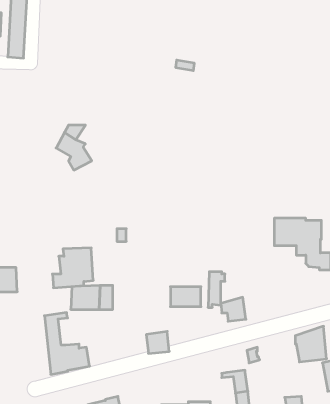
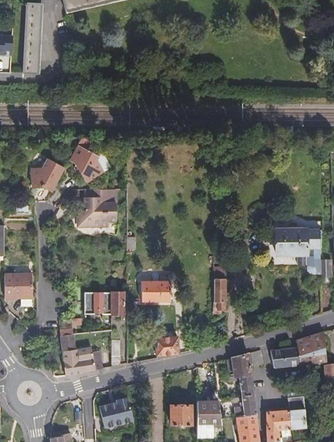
building: none -> [30,158,63,191]
building: [52,248,93,288] -> [78,189,117,227]
building: [170,287,201,307] -> [141,282,170,301]
building: [221,297,246,321] -> [225,351,249,374]
building: none -> [271,347,301,367]

